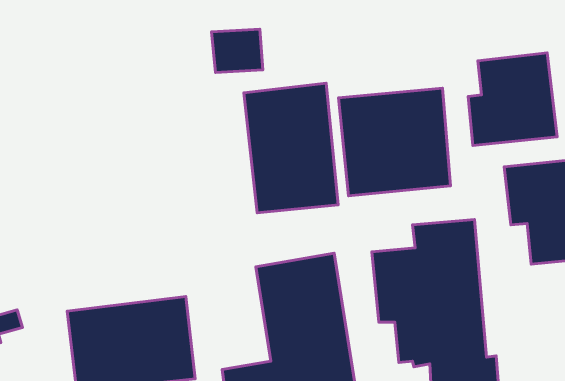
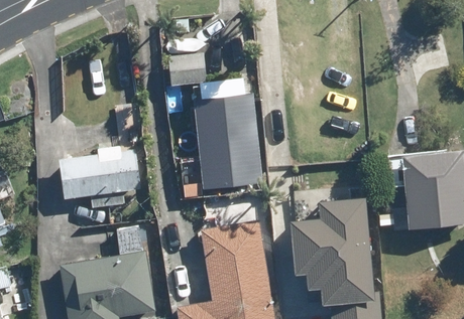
building: [468,53,557,146] -> none
building: [339,88,450,196] -> none
building: none -> [59,144,139,207]

